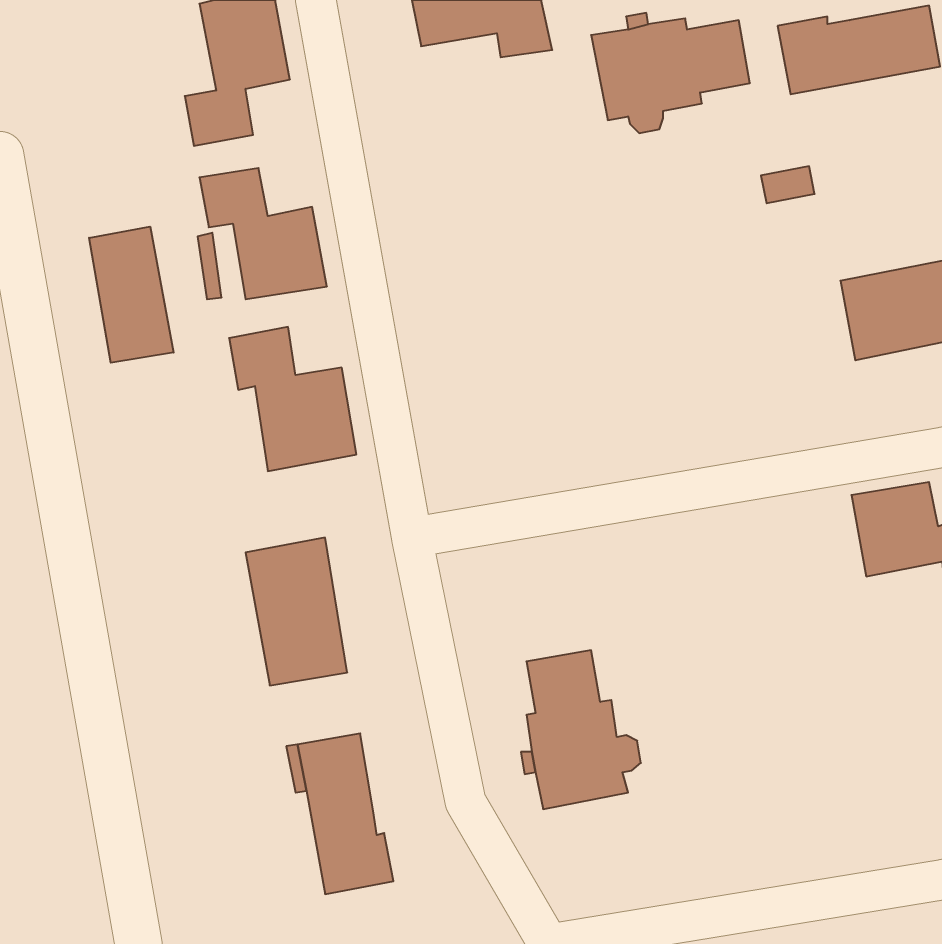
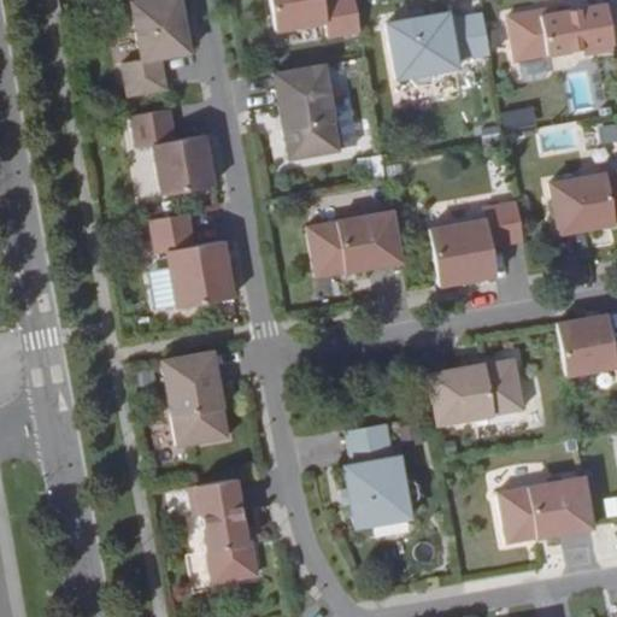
building: none -> [274,65,340,161]
building: [89,227,174,363] -> none
building: none -> [430,202,524,287]
building: none -> [306,211,402,278]
building: none -> [428,357,523,424]
building: none -> [498,475,593,541]

